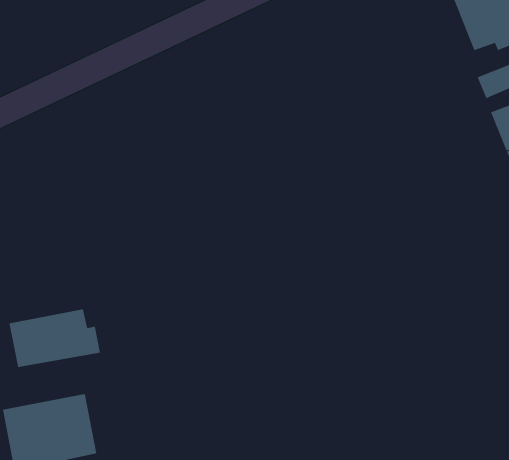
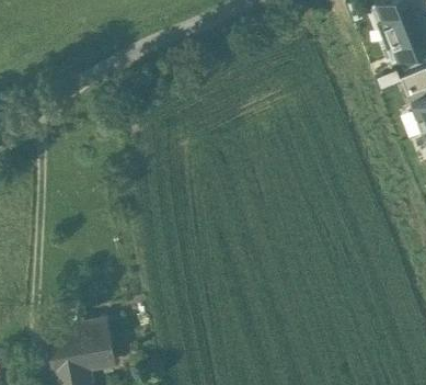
building: [9,309,100,368] -> none

